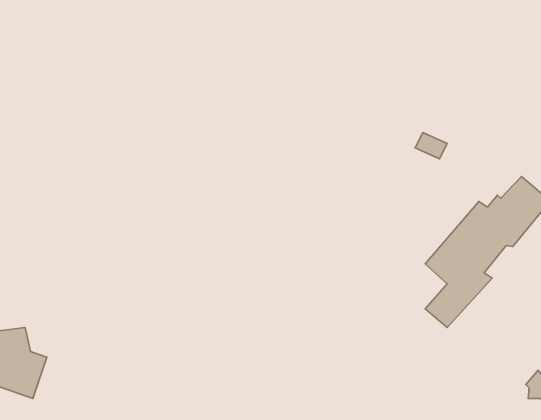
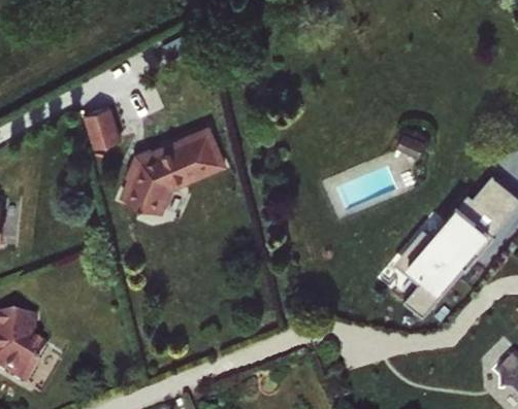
building: none -> [75,110,109,152]
building: none -> [124,133,230,211]

